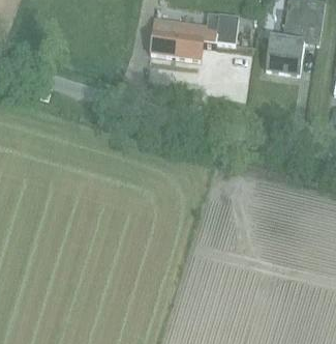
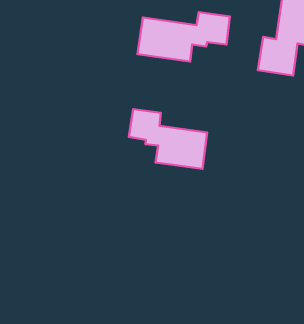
building: none -> [129,109,207,169]

